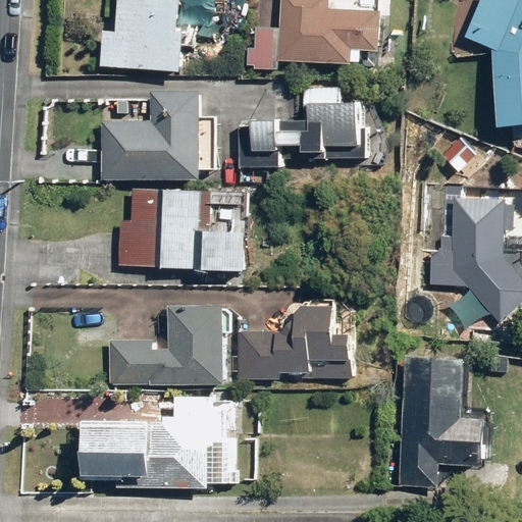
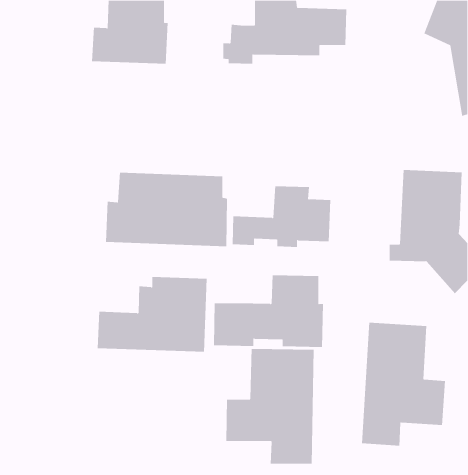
building: [254,87,363,154] -> [232,186,331,247]
building: [99,93,215,179] -> none
building: none -> [226,348,314,464]
building: [81,396,237,490] -> none

